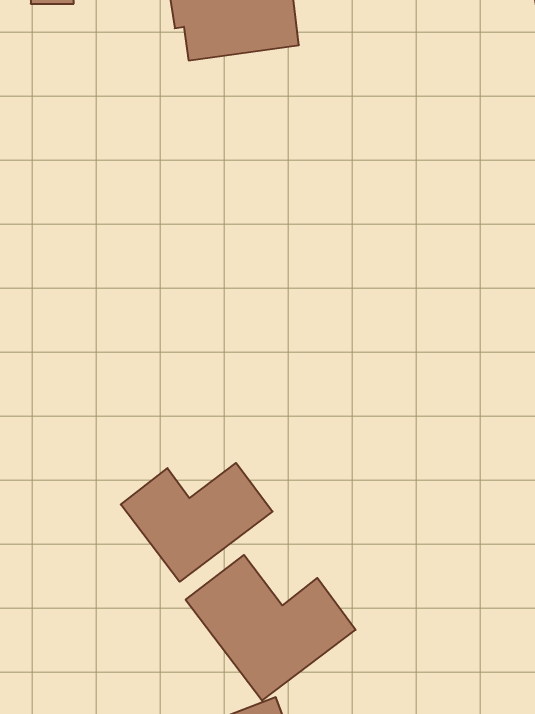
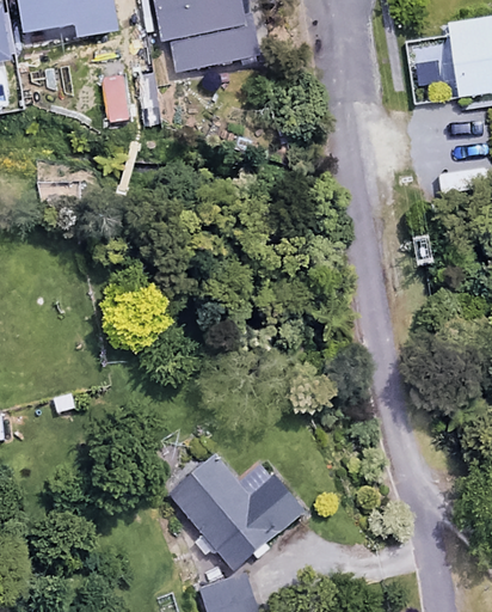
building: [121,463,273,582] -> none

